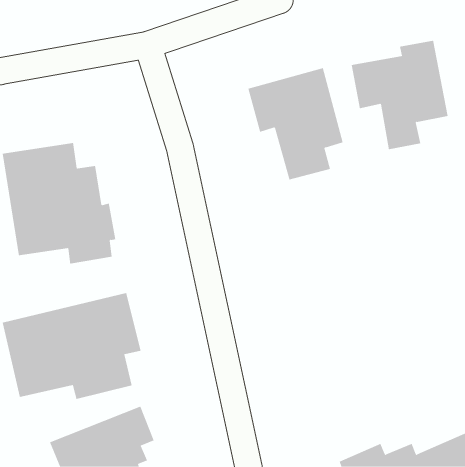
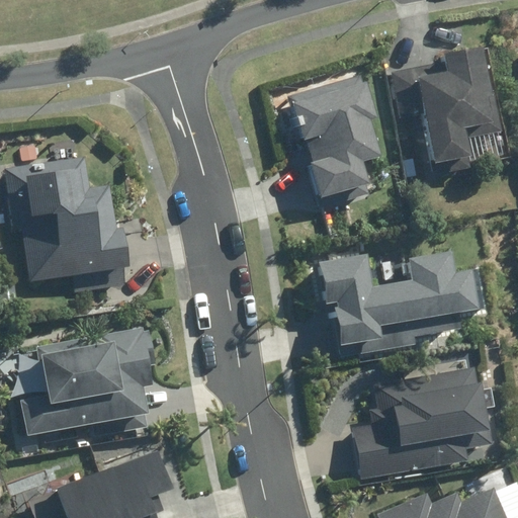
building: none -> [313,253,485,346]
building: none -> [352,366,490,482]

